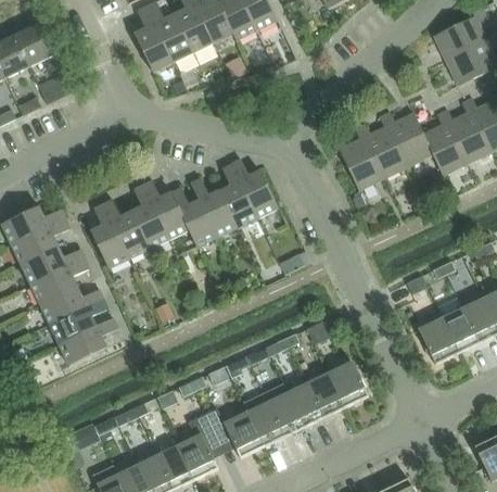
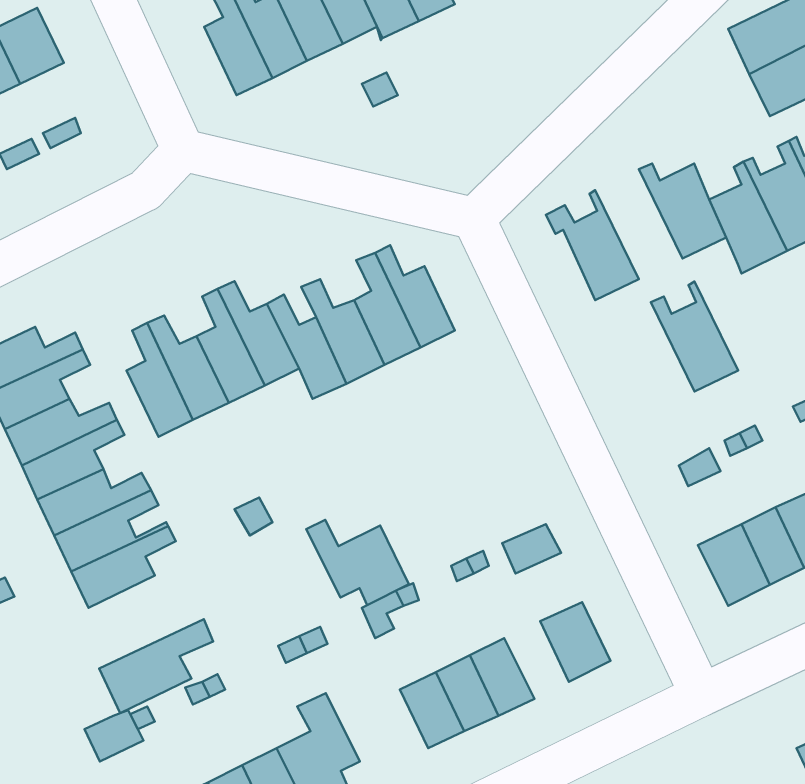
building: [358,114,408,177] -> [651,281,738,392]
building: none -> [99,619,213,713]
building: [306,373,343,417] -> none
building: [204,408,263,457] -> [306,520,409,605]

